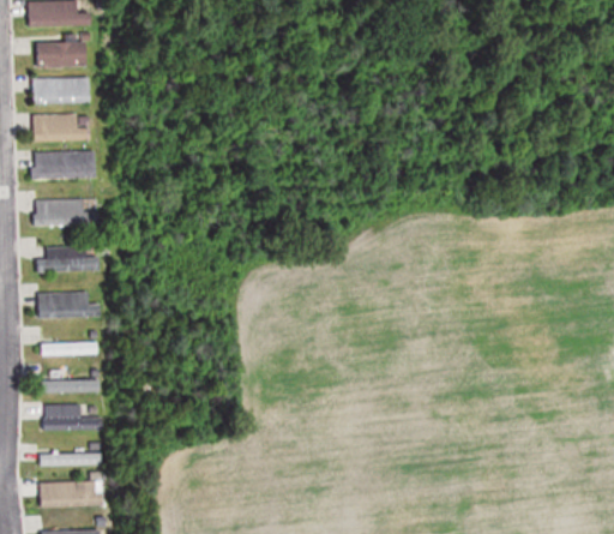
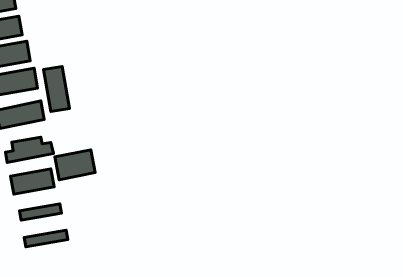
building: none -> [44,66,69,112]
building: none -> [55,150,95,180]
building: [42,404,92,430] -> none

